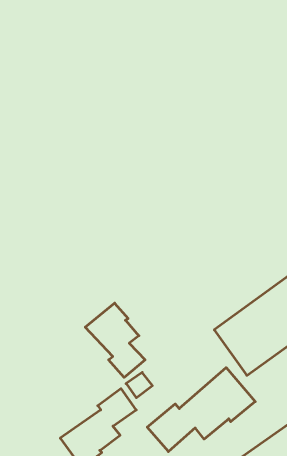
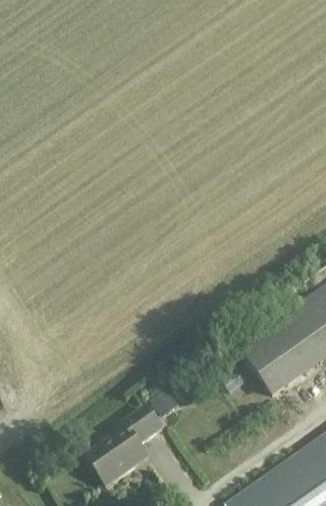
building: [85,303,145,377] -> none
building: [147,368,255,452] -> none

